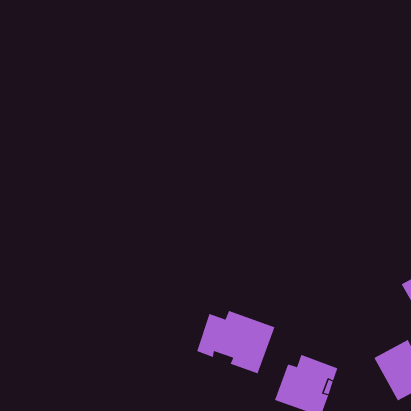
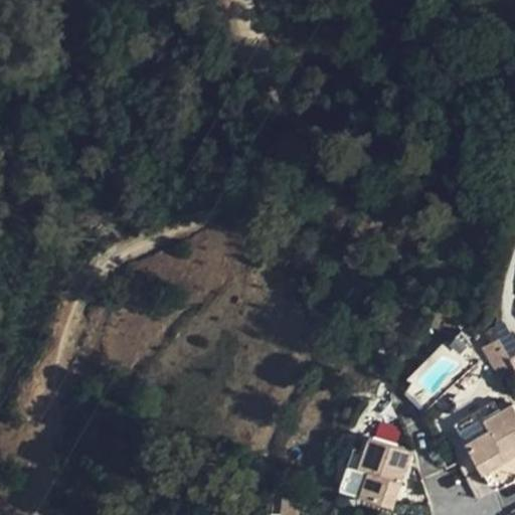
building: [197,310,275,374] -> none

